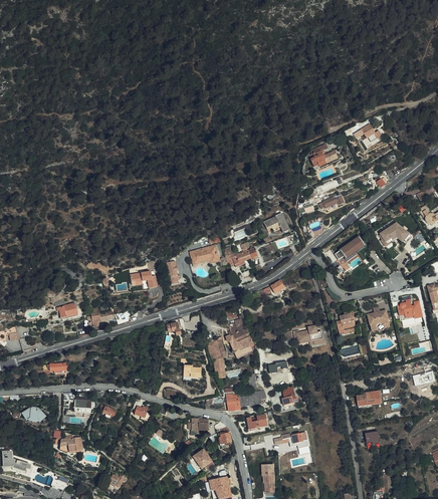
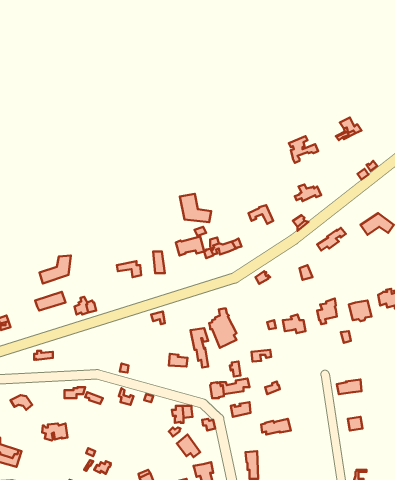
building: none -> [180,194,211,222]
building: none -> [39,256,71,284]

